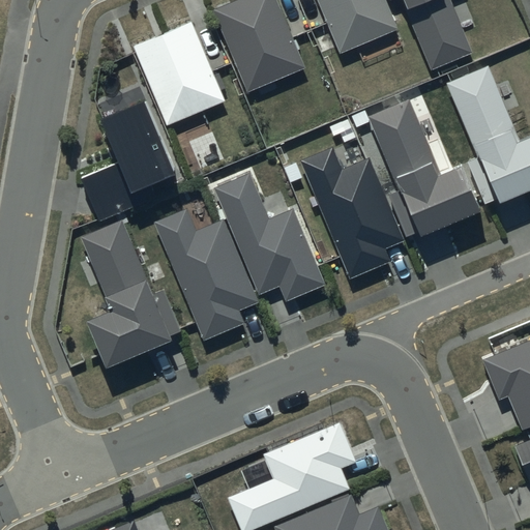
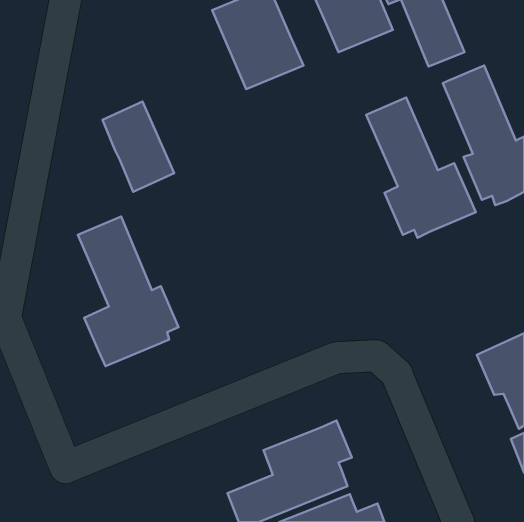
building: [135,24,225,125] -> none
building: [300,146,405,277] -> none
building: [80,161,139,220] -> none
building: [213,171,325,301] -> none
building: [153,207,258,341] -> none

